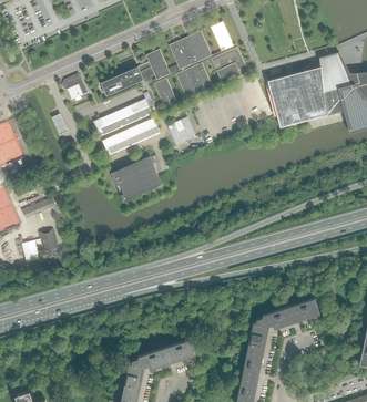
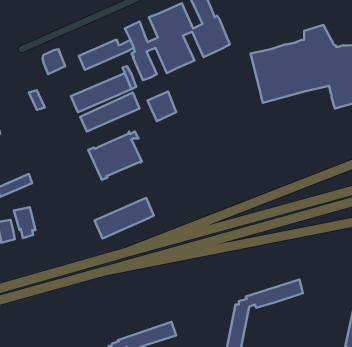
building: none -> [95,198,154,239]

